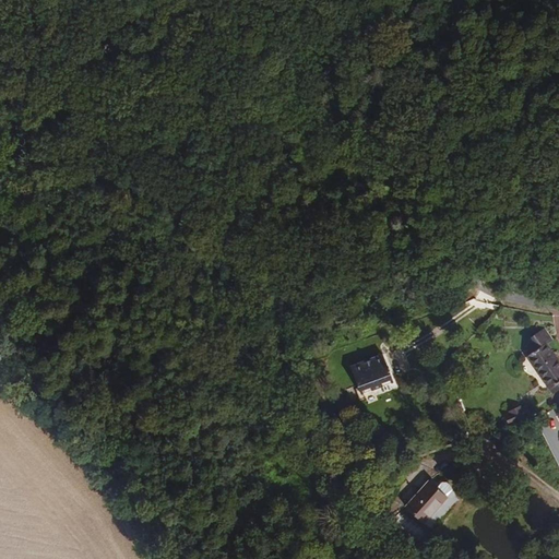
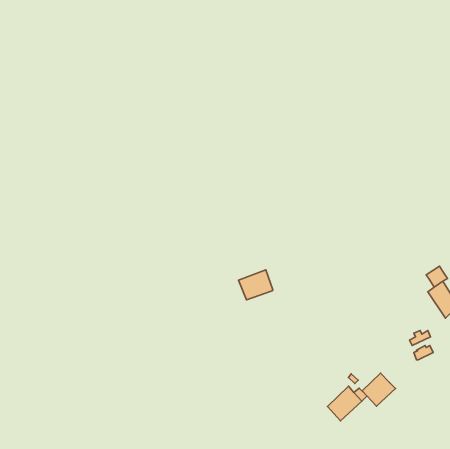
building: [350,352,393,389] -> [239,270,273,300]
building: none -> [362,373,396,406]

